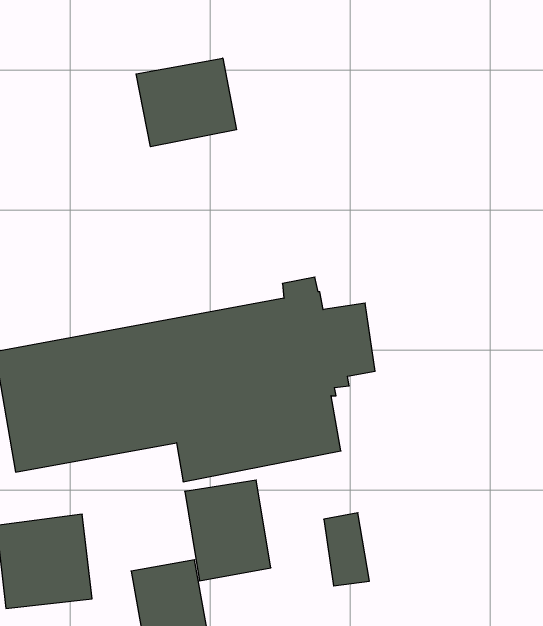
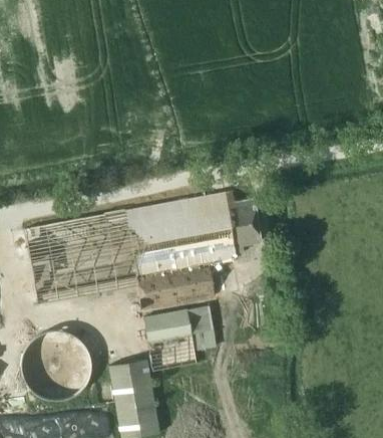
building: [136,58,236,147] -> none
building: [324,513,369,586] -> [187,303,216,349]

